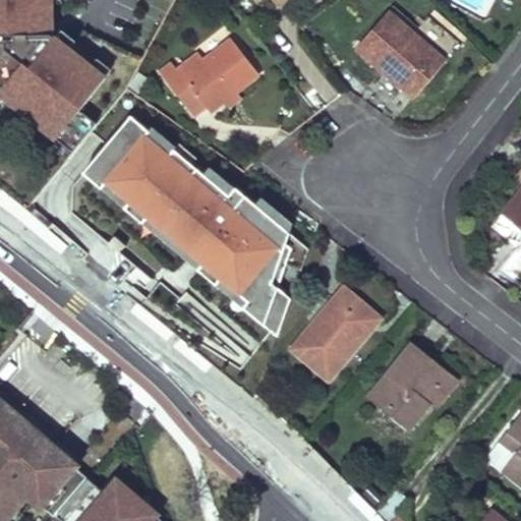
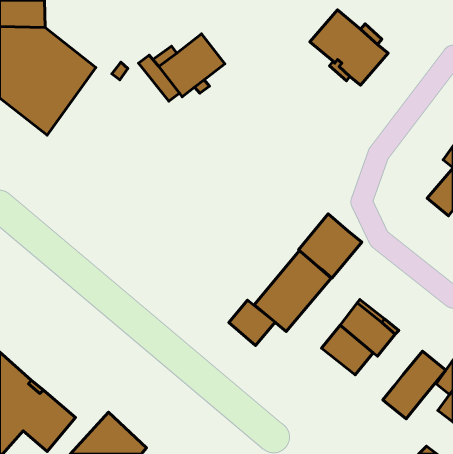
building: [81,117,307,337] -> none
building: none -> [298,214,362,278]
building: none -> [229,300,275,346]
building: none -> [383,351,446,419]

